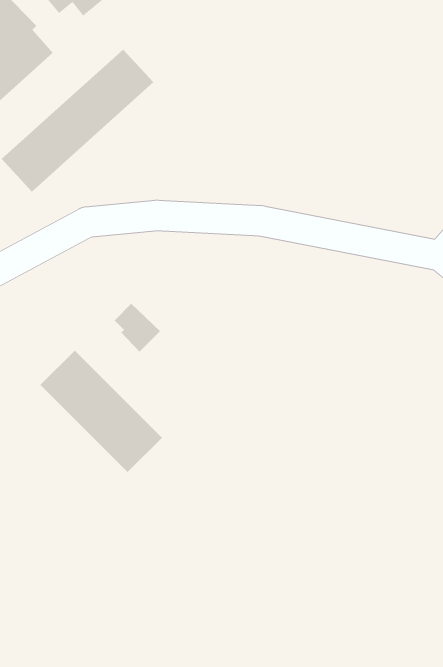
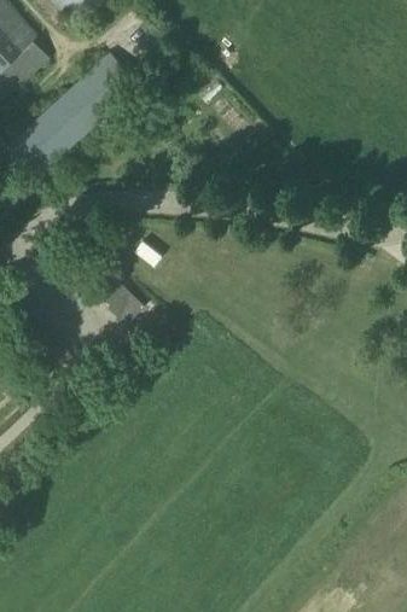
building: [40,350,163,473] -> none

